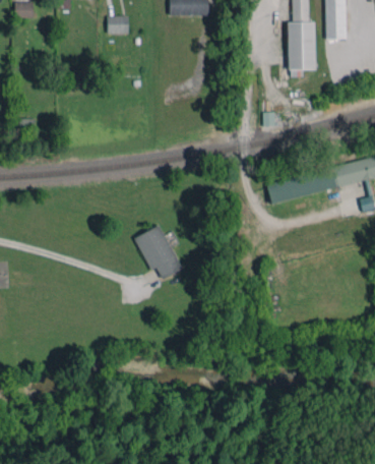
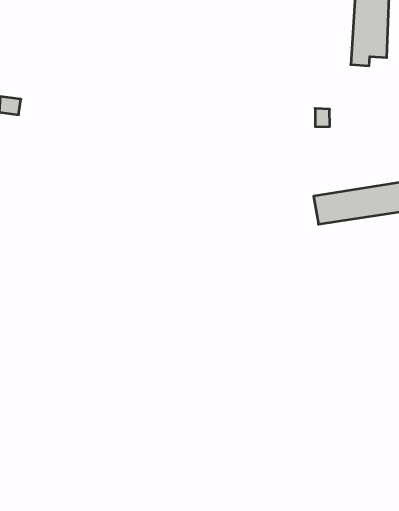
building: [135,225,182,279] -> none

